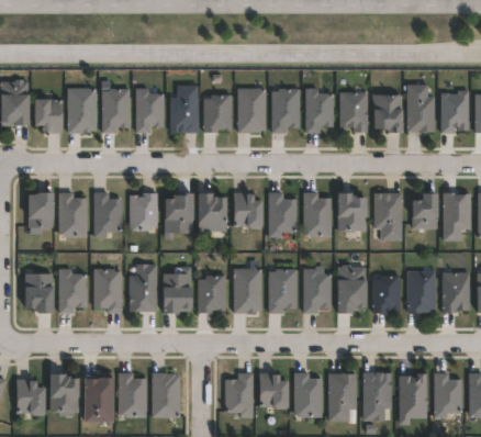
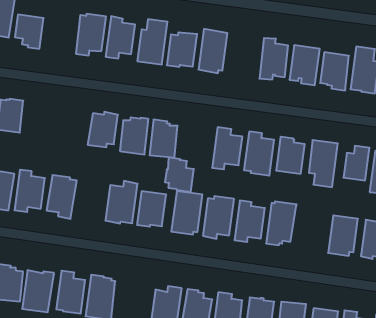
building: [68,88,96,133] -> none
building: [271,88,299,133] -> none
building: [58,192,87,237] -> none
building: [93,192,122,237] -> none
building: [232,192,261,226] -> [165,158,194,192]
building: [125,262,153,309] -> none
building: [373,274,401,312] -> none

